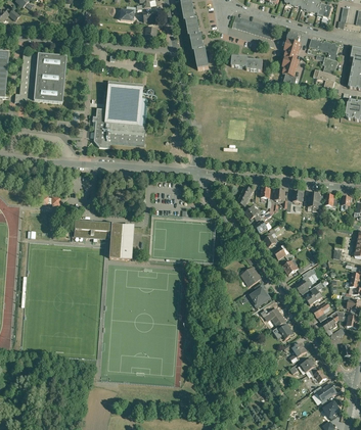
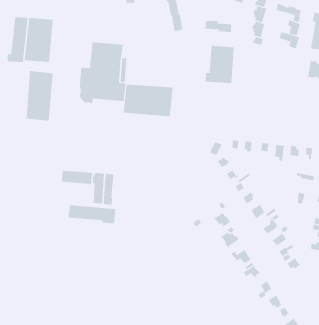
building: none -> [205,45,234,84]
building: none -> [26,70,53,122]
building: none -> [123,84,173,117]
building: none -> [68,205,116,224]

